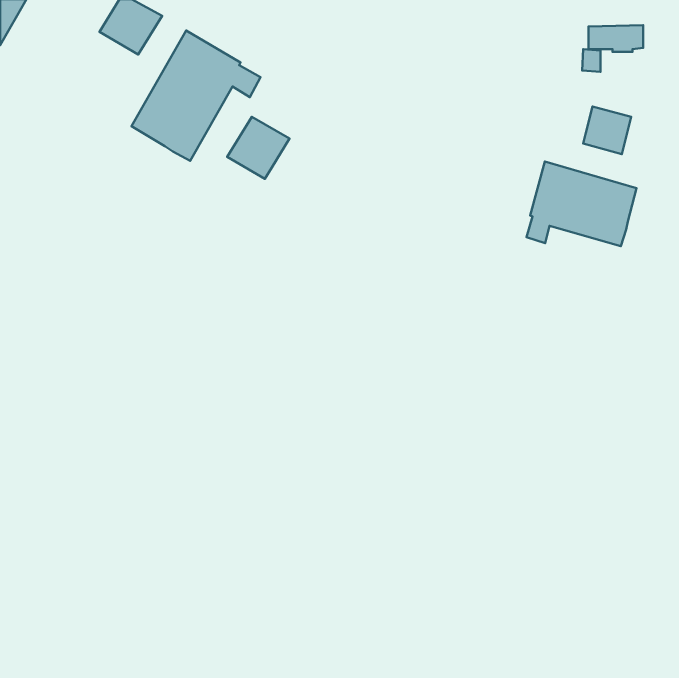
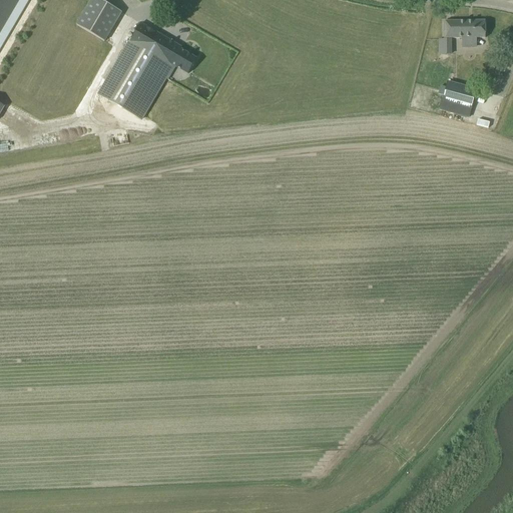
building: [227,117,289,179] -> none
building: [526,162,637,246] -> none

